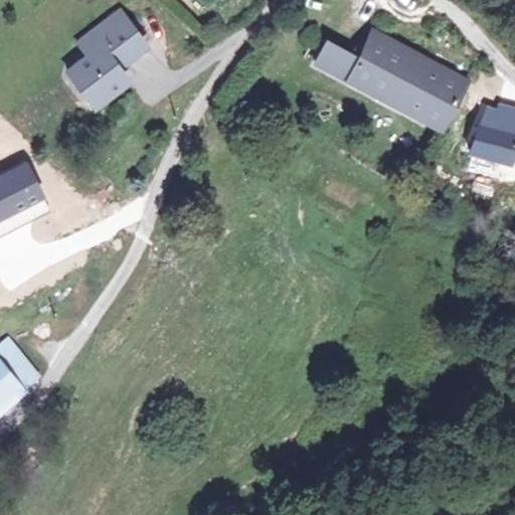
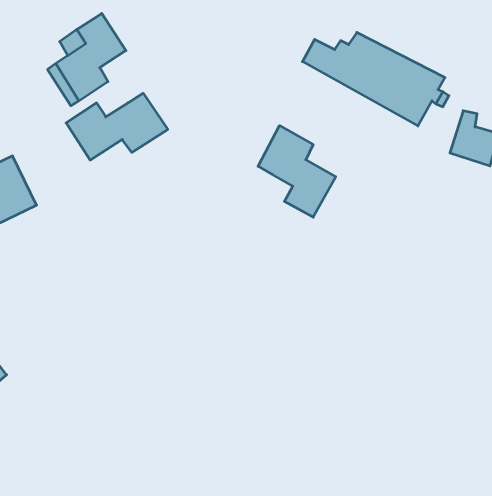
building: none -> [66,93,168,160]
building: none -> [258,126,336,217]

